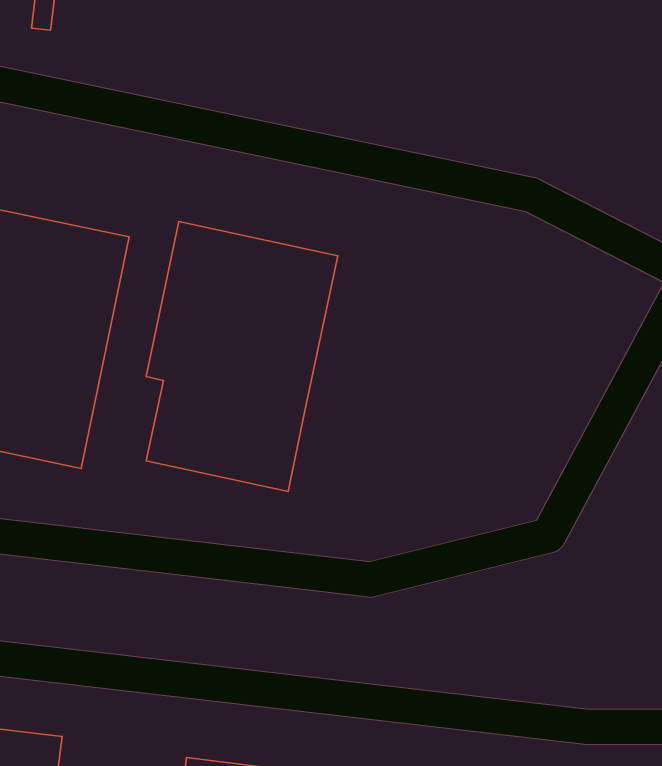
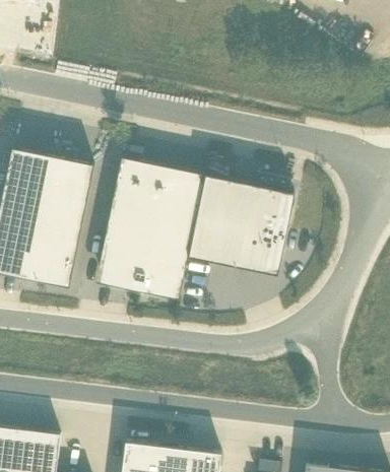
building: none -> [188,176,295,271]

